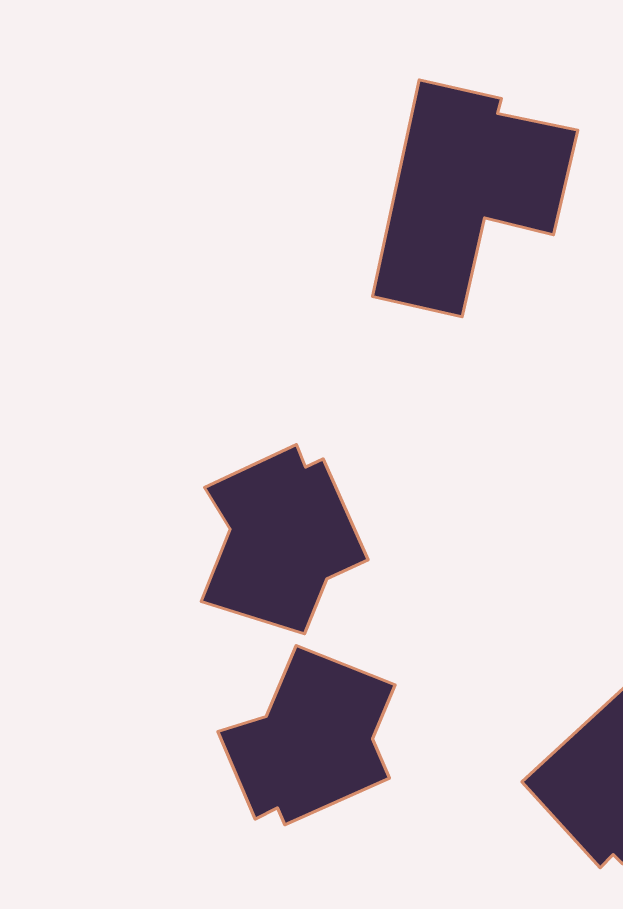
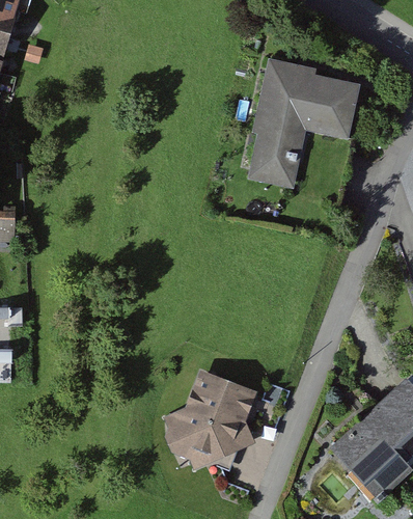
building: [201,445,368,634] -> none

